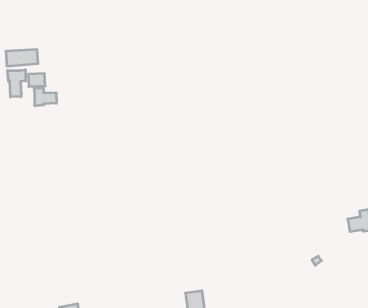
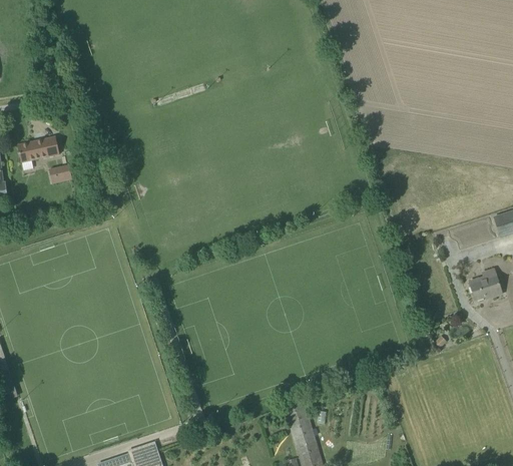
building: [8,70,26,97] -> none
building: [34,88,56,106] -> none

